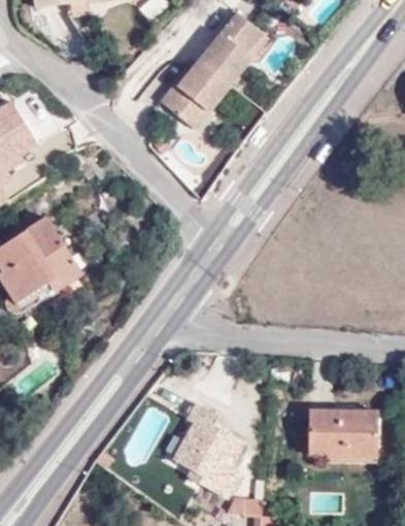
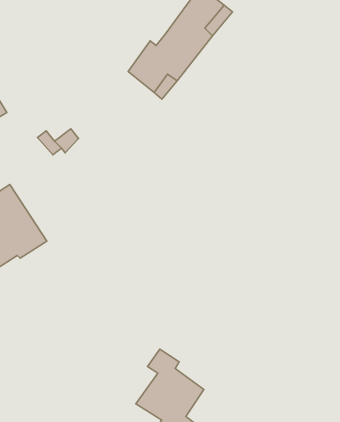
building: [308,412,376,453] -> none

